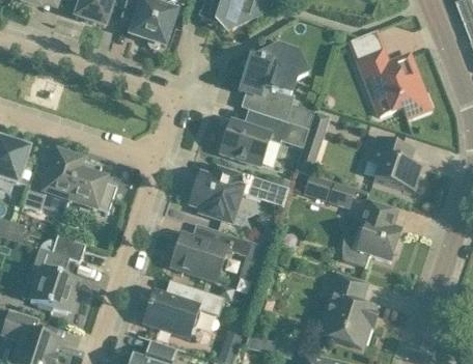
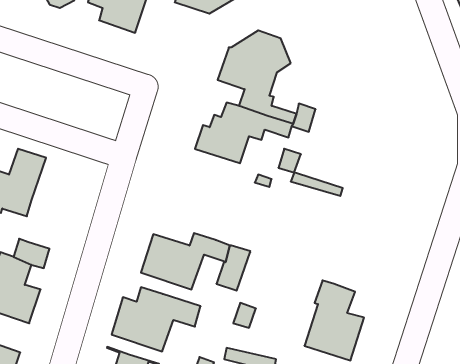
building: [358,48,430,116] -> none
building: [369,135,419,190] -> none
building: [68,160,116,212] -> none
building: [190,163,267,221] -> none
building: [341,200,398,267] -> none

